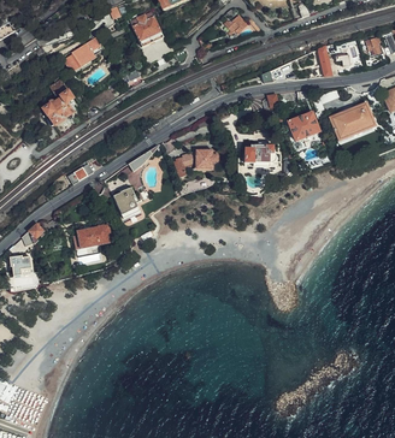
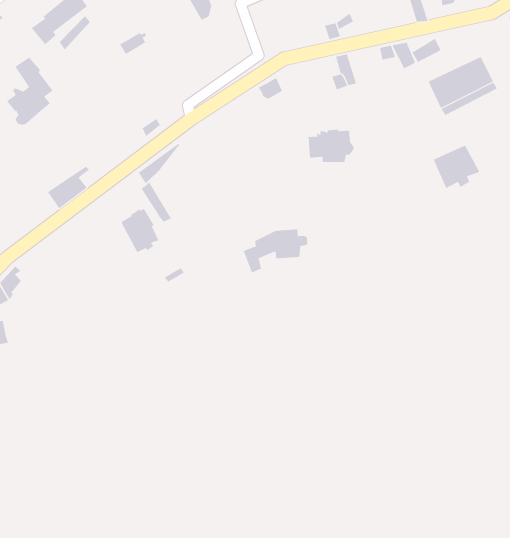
building: [288,112,319,141] -> [433,145,480,189]
building: [173,149,218,177] -> [243,229,308,273]
building: [72,224,110,254] -> none

